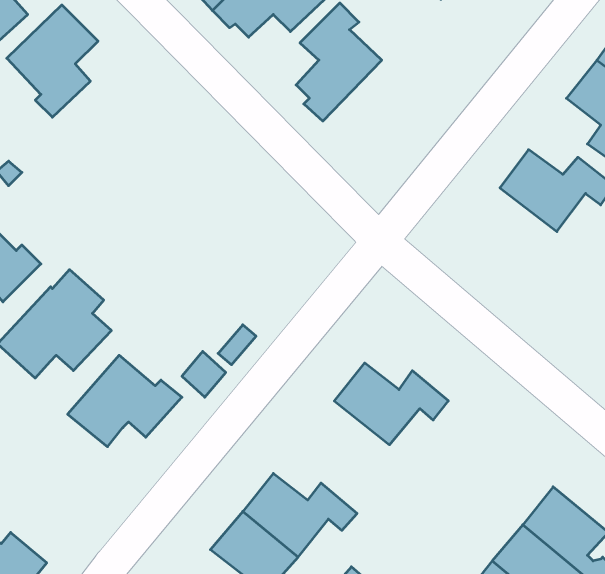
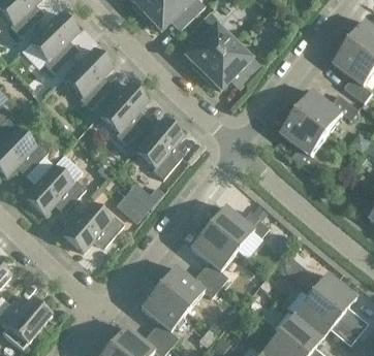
building: none -> [199,41,262,88]
building: none -> [62,46,112,108]
building: none -> [97,82,147,143]
building: none -> [279,110,326,174]
building: none -> [133,117,182,179]
building: none -> [189,226,236,287]

